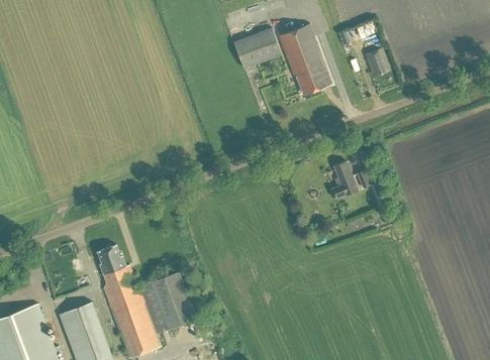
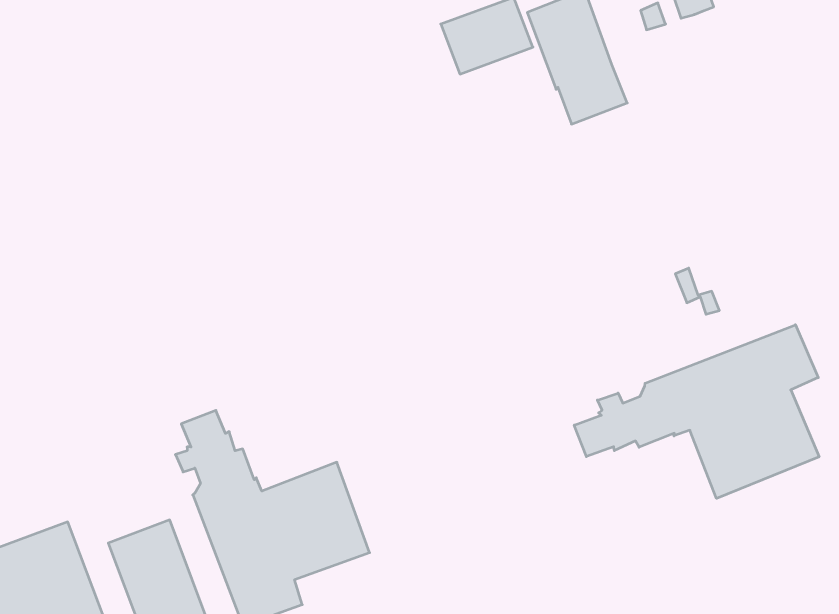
building: [365,48,389,76] -> none
building: [330,161,357,199] -> none
building: none -> [574,325,819,498]

